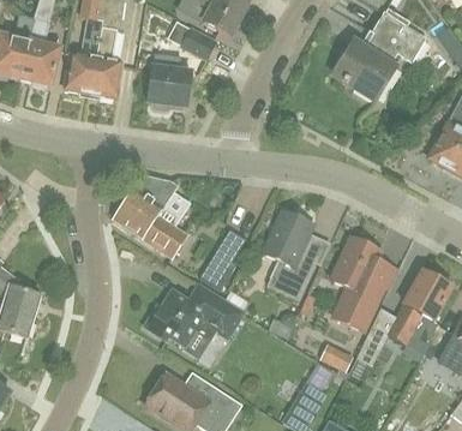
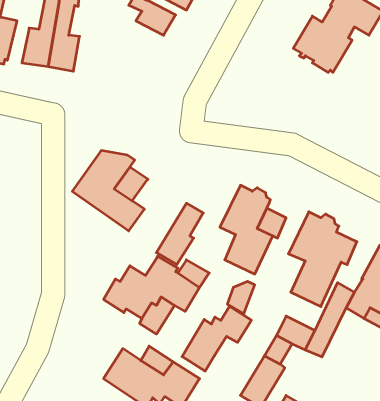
building: [138,50,190,109] -> none
building: none -> [182,306,251,371]

